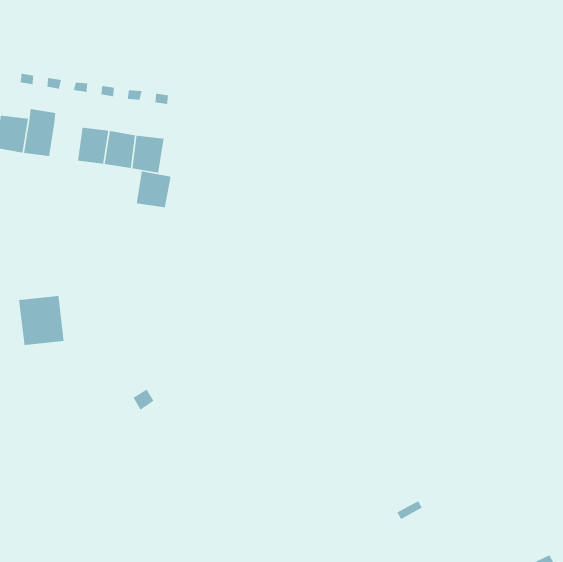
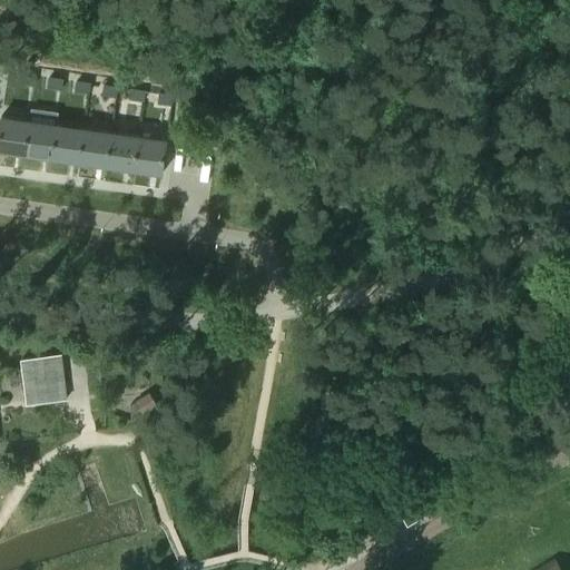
building: none -> [50,126,82,165]
building: [136,170,171,208] -> none
building: [18,295,65,346] -> [19,356,66,407]

